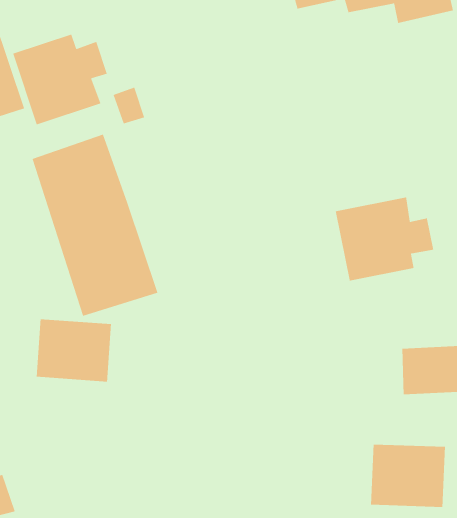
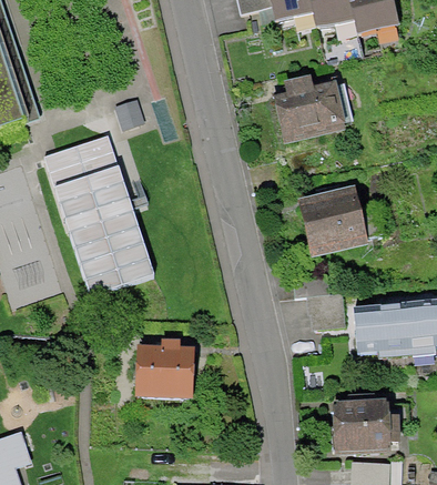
building: [12,33,108,126] -> none
building: none -> [272,74,352,145]
building: [36,318,112,382] -> [135,342,200,396]

